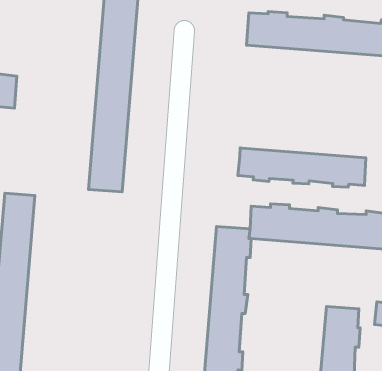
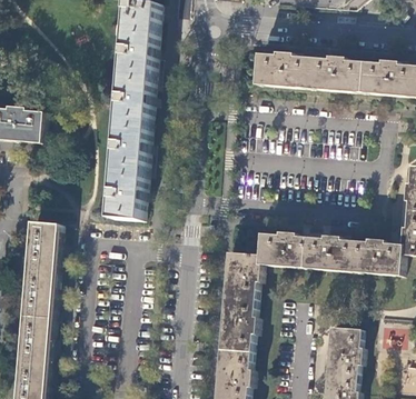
building: [238,148,366,187] -> none

